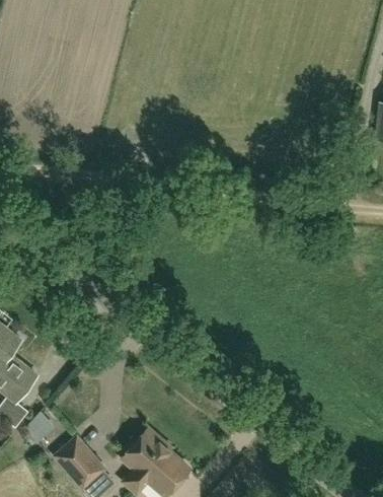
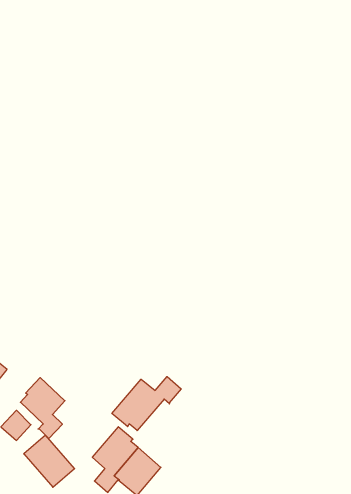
building: none -> [112,377,181,431]
building: none -> [20,378,65,438]

